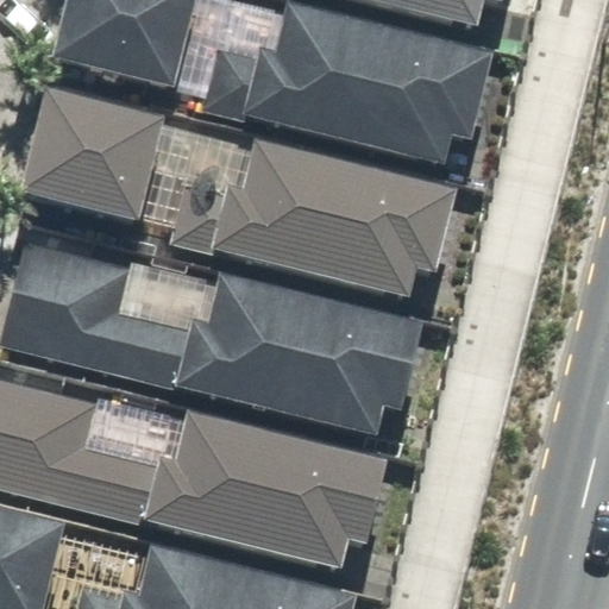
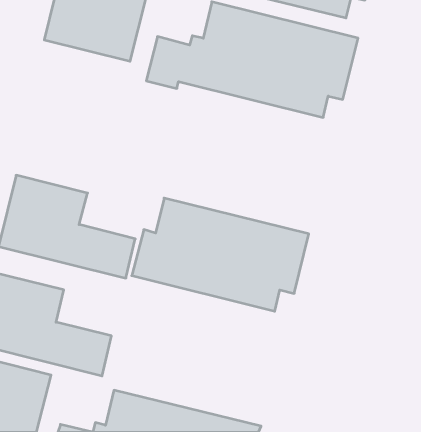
building: [30,89,172,220] -> none
building: [170,139,466,299] -> none
building: [151,410,397,569] -> none

